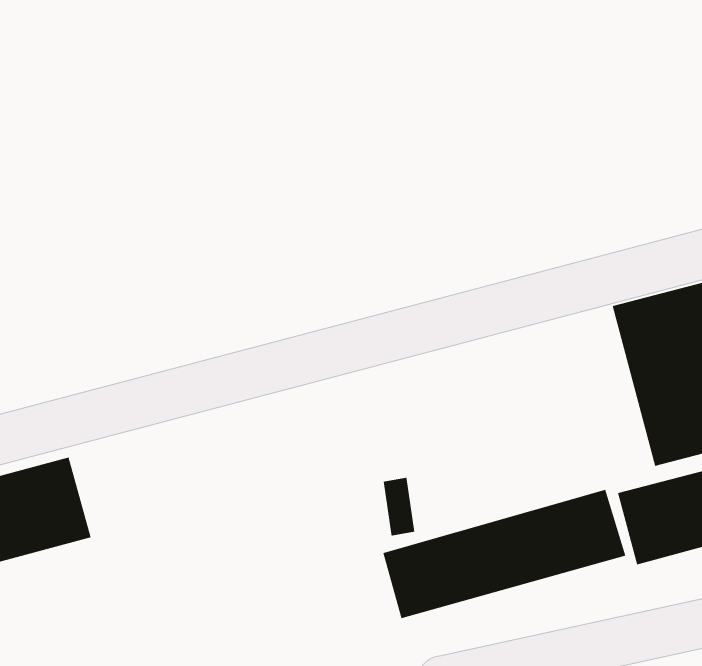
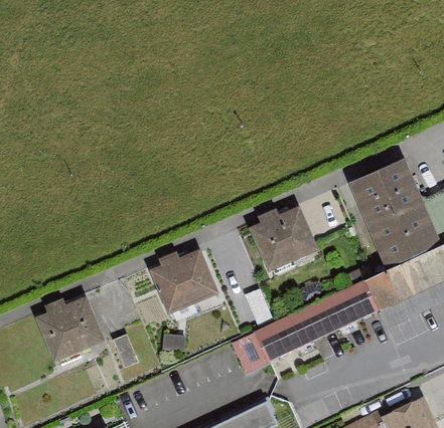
building: none -> [250,207,316,269]
building: none -> [152,251,217,311]

